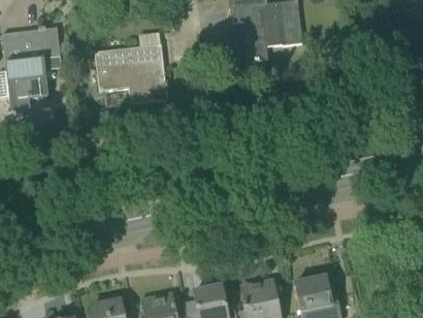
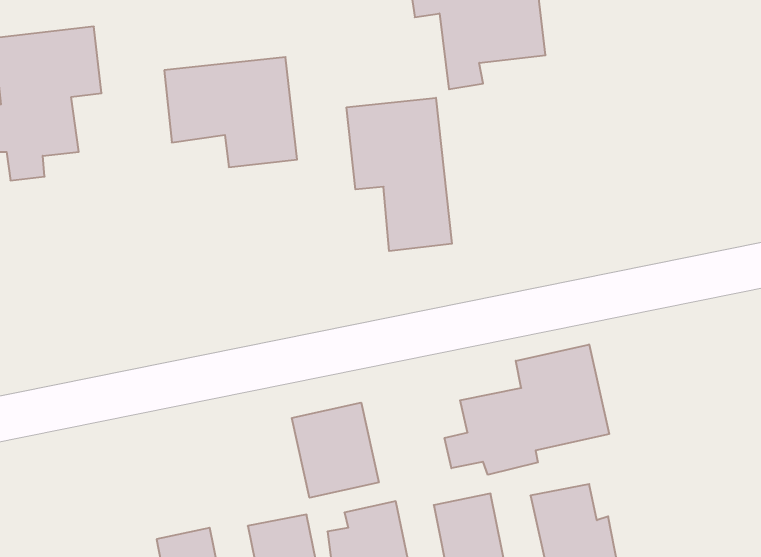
building: none -> [347,98,452,251]
building: none -> [445,344,609,475]
building: none -> [292,403,379,498]

